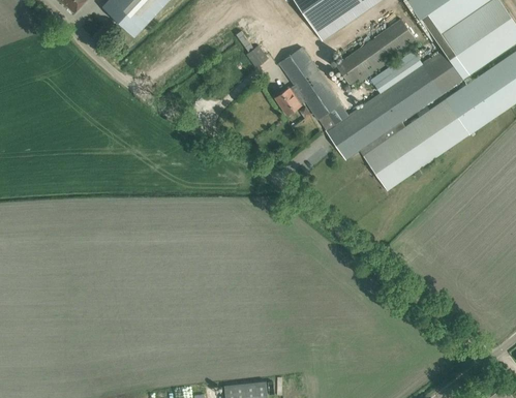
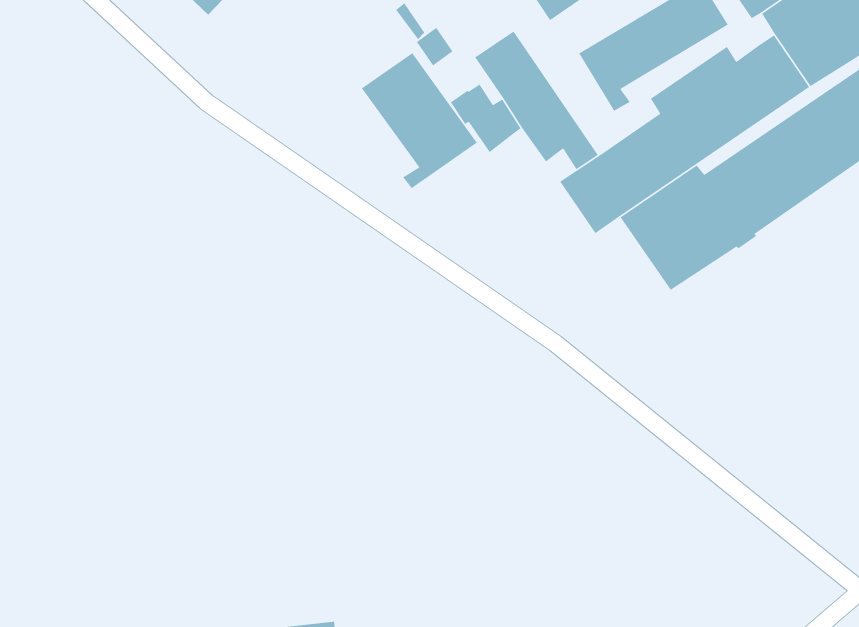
building: none -> [361,52,478,189]

